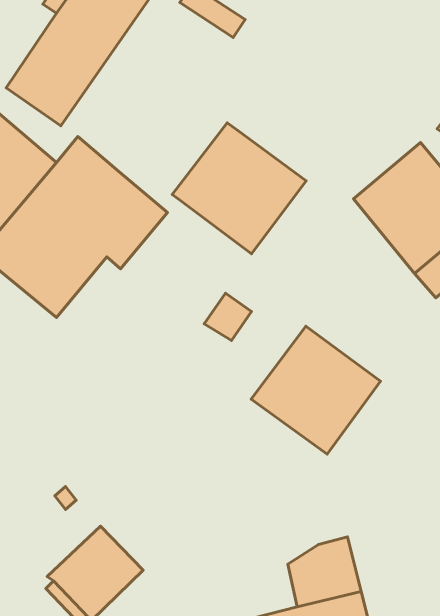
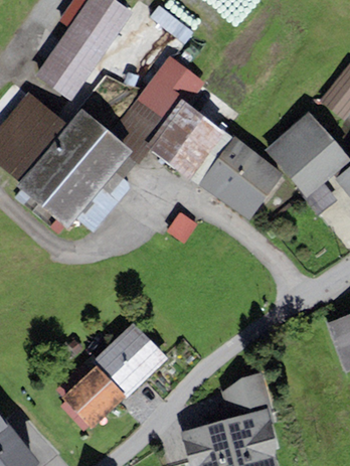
building: none -> [110,55,204,158]
building: [251,326,381,454] -> [197,137,283,221]
building: none -> [93,322,168,397]

